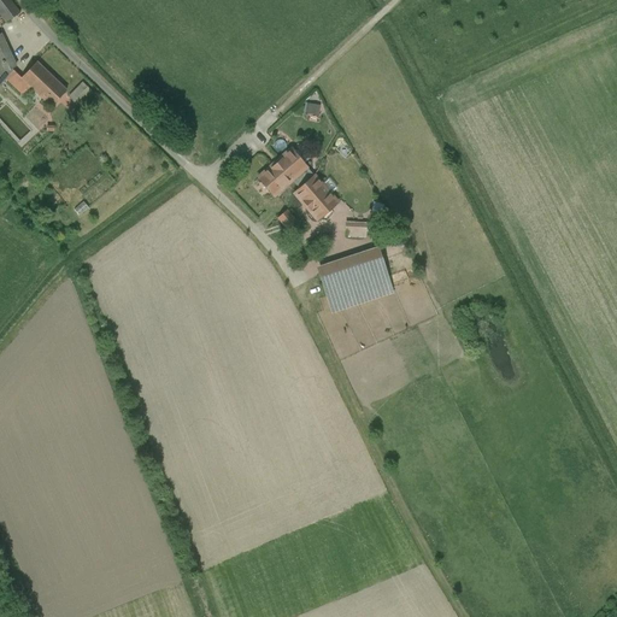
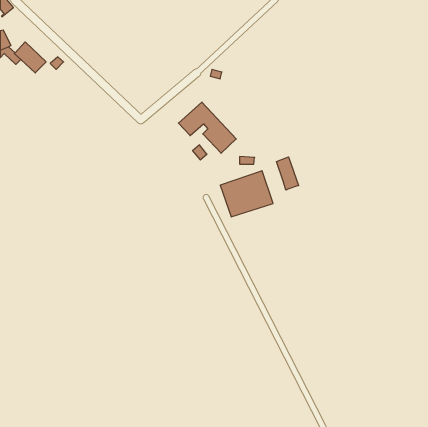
building: none -> [276,157,299,190]

